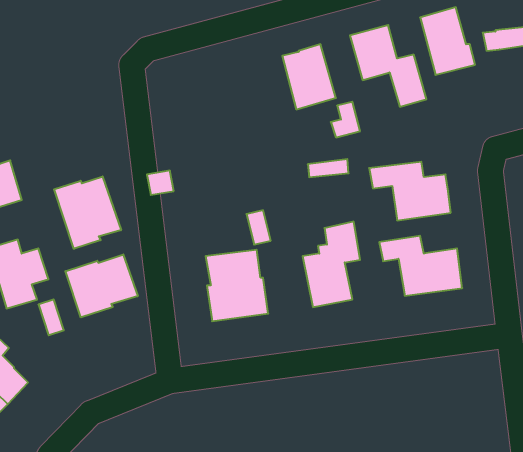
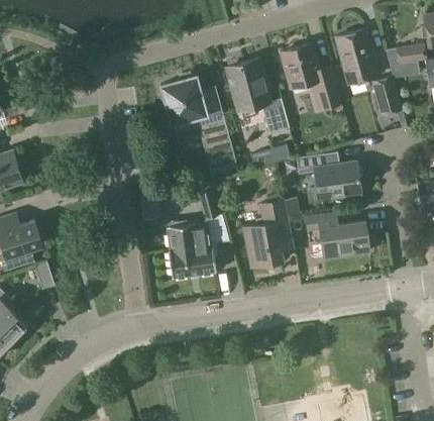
building: none -> [159,77,236,175]
building: none -> [372,78,401,115]
building: [54,176,121,249] -> none
building: [65,254,138,317] -> none

